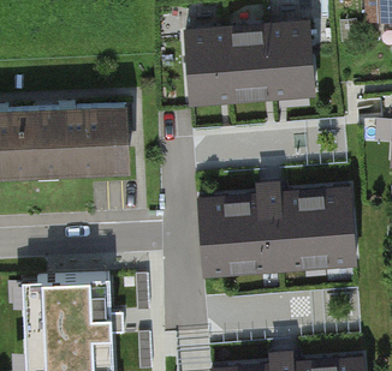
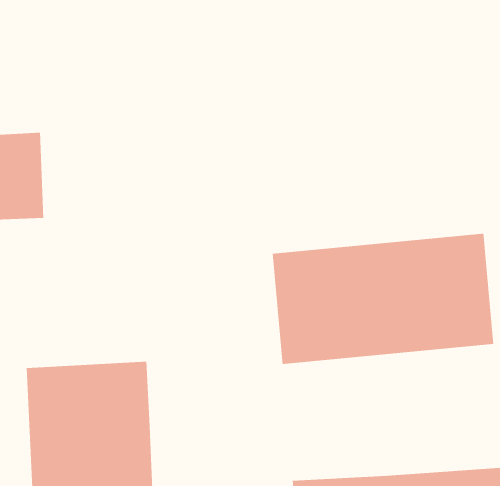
building: [186,31,314,114] -> none
building: [34,106,126,170] -> none

